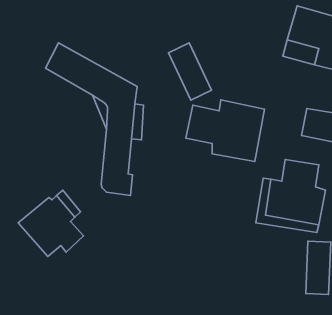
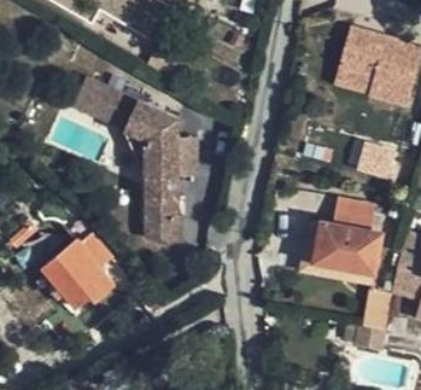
building: [168,43,212,100] -> none
building: [186,100,264,162] -> none

